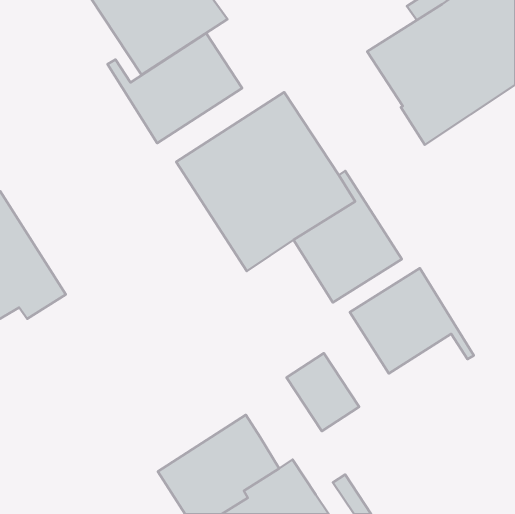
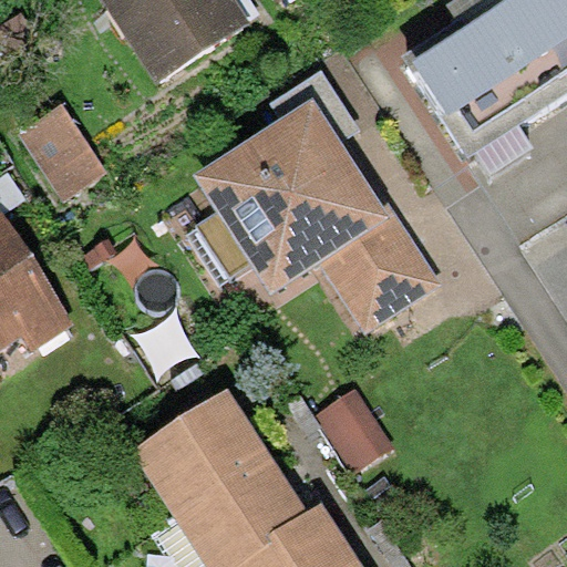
building: [108,33,242,143] -> none
building: none -> [17,103,105,202]
building: [350,268,474,374] -> none
building: none -> [131,390,269,516]

